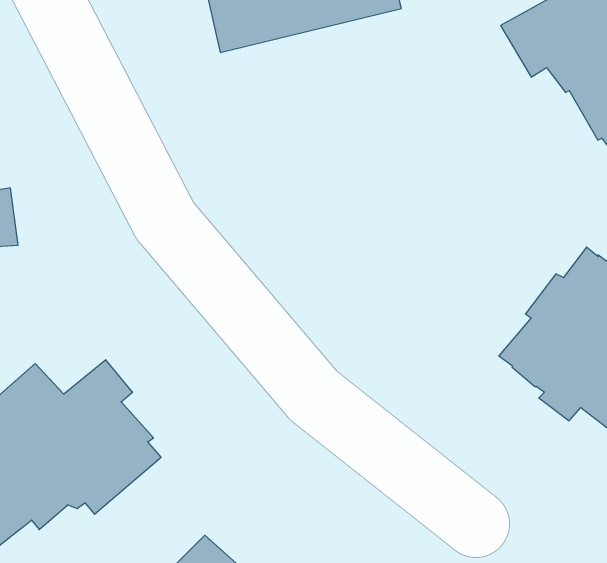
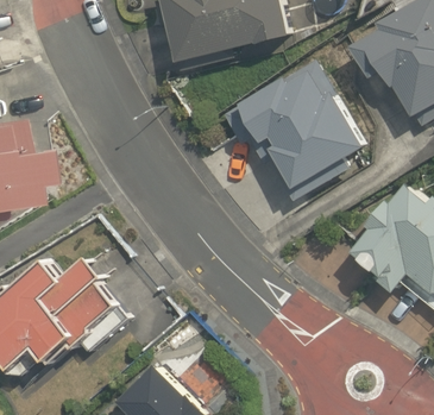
building: none -> [222,61,363,202]

